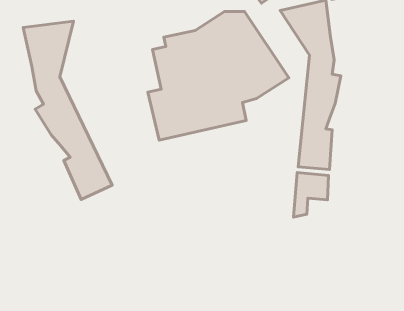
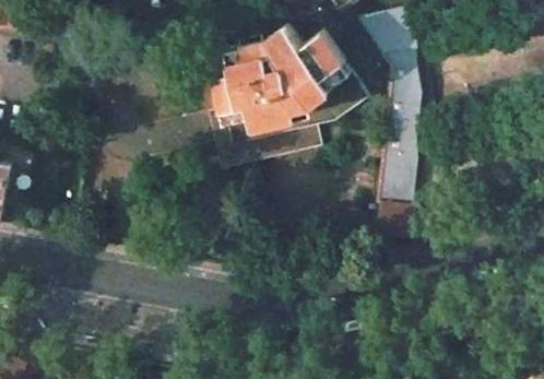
building: [23,21,112,199] -> none

